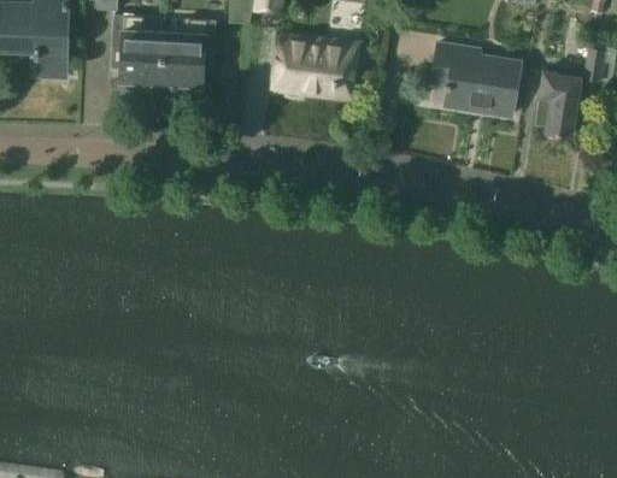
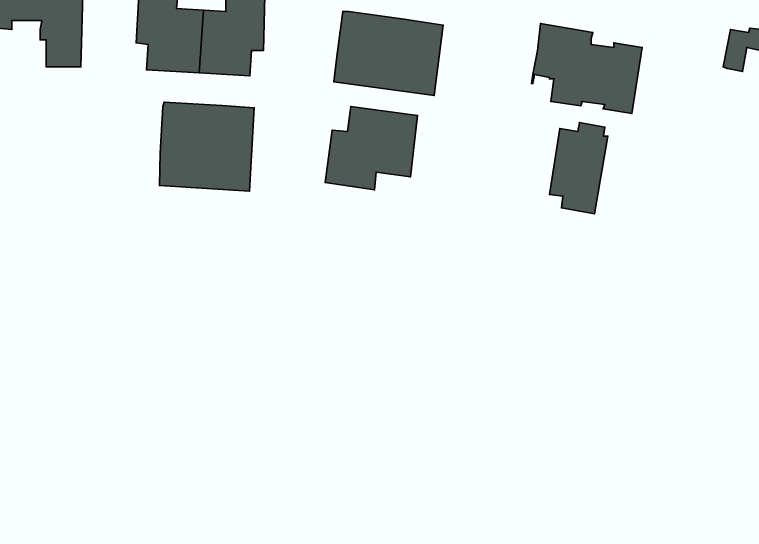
building: [534,67,581,141] -> [549,123,608,214]
building: none -> [159,102,254,191]
building: none -> [325,107,418,190]

